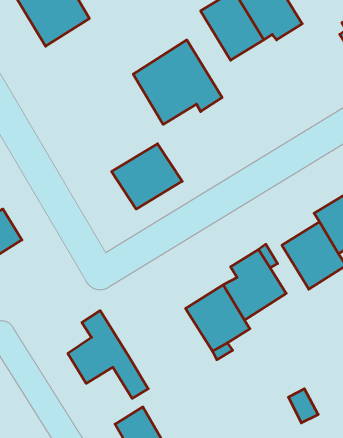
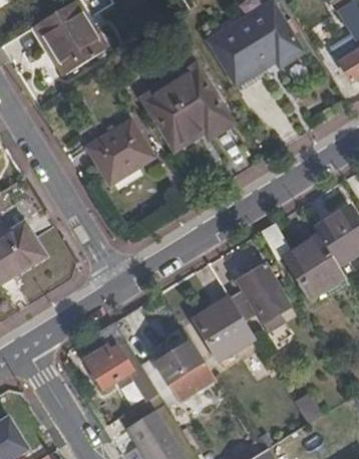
building: [112,144,182,209] -> [85,121,151,182]
building: none -> [142,341,216,408]

